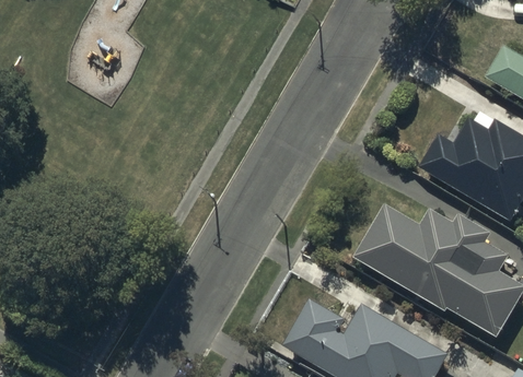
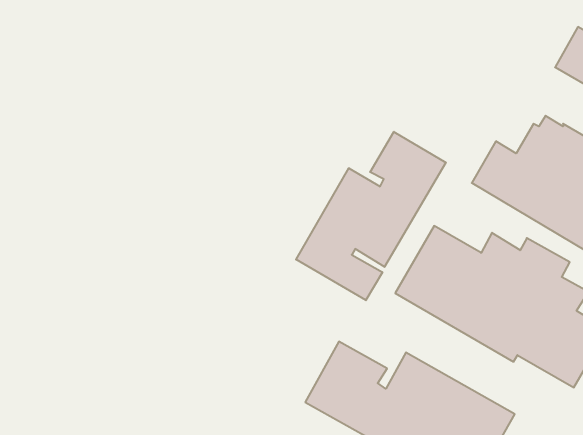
building: none -> [296,132,446,300]

